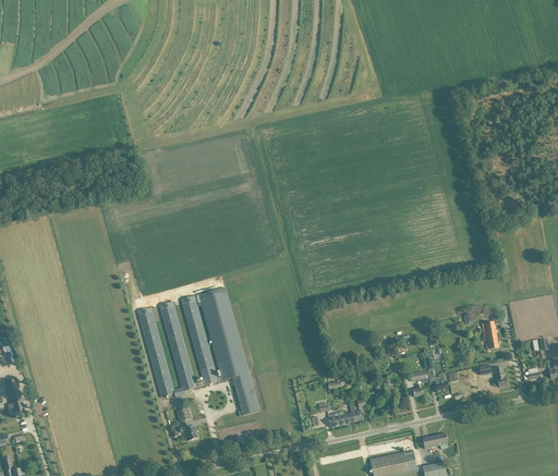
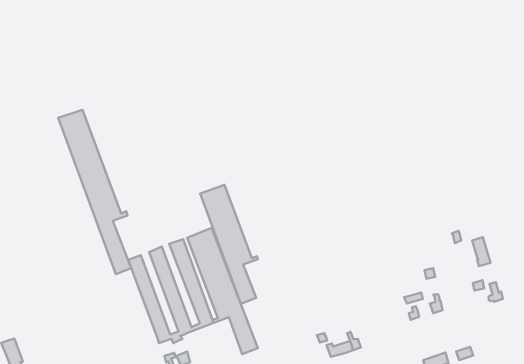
building: none -> [58,110,131,274]
building: none -> [200,185,258,304]

